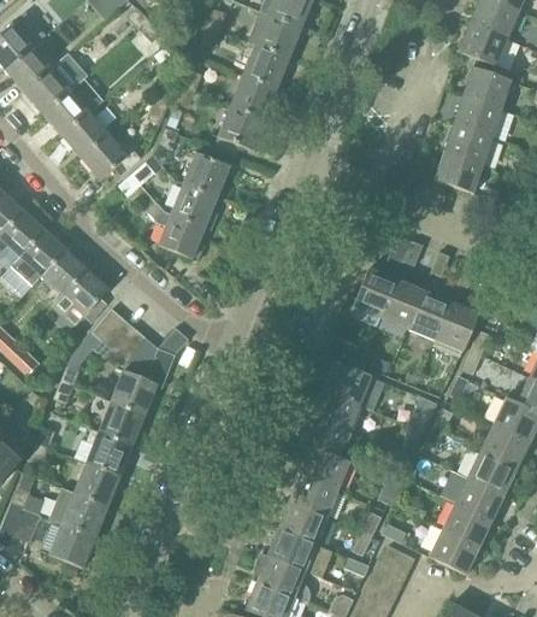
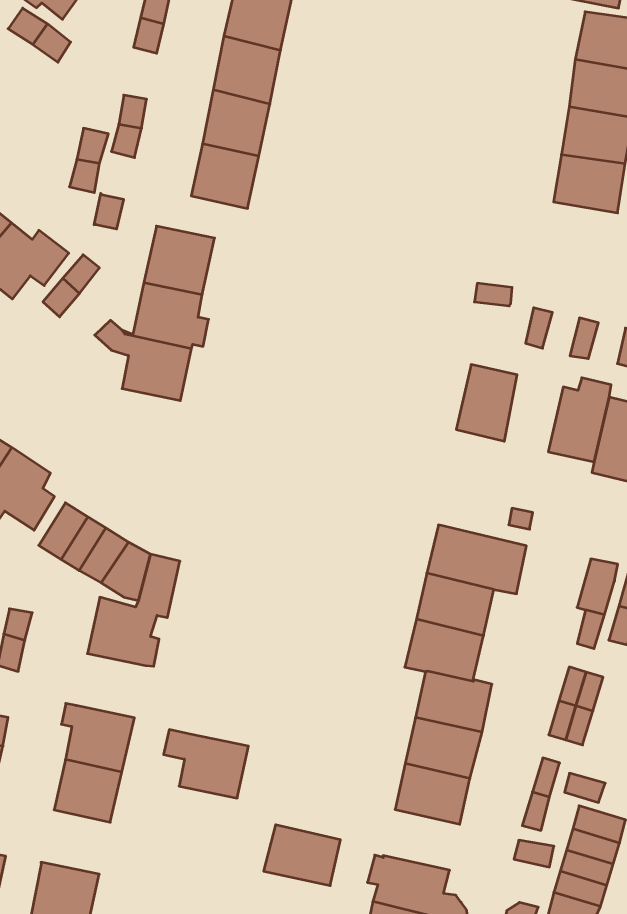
building: [383,278,424,328] -> none
building: [93,396,144,445] -> [164,730,248,798]
building: [49,487,107,535] -> none
building: [267,527,317,569] -> [264,825,340,886]

